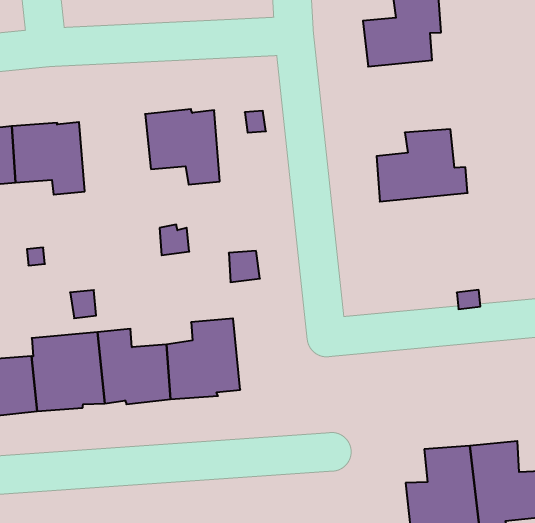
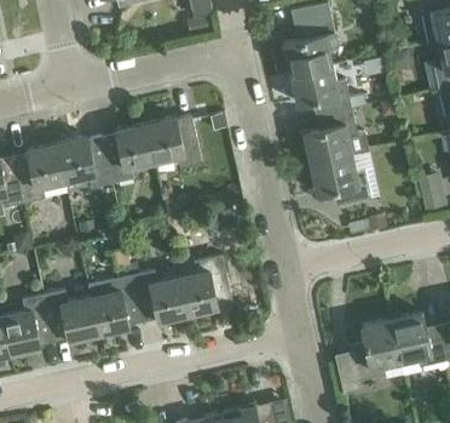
building: none -> [290,64,351,115]
building: none -> [102,125,154,182]
building: none -> [310,154,370,204]

